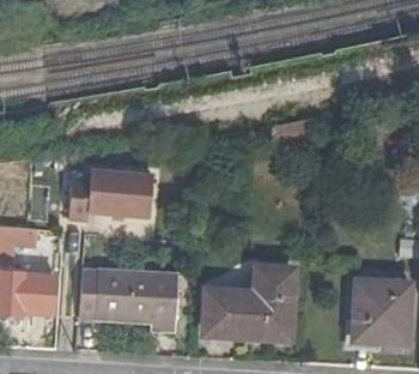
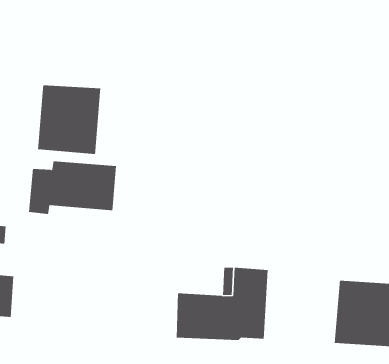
building: none -> [38,84,101,155]
building: [78,279,181,331] -> none

